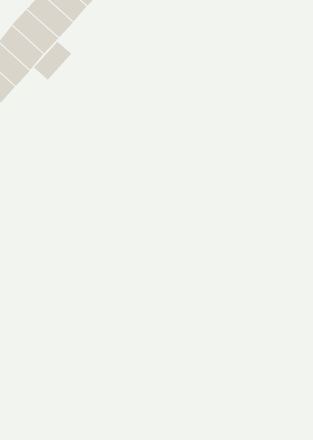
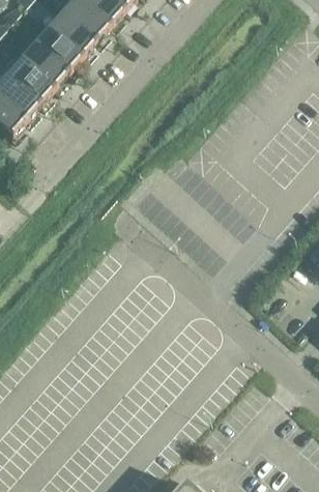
building: [33,41,72,80] -> none

